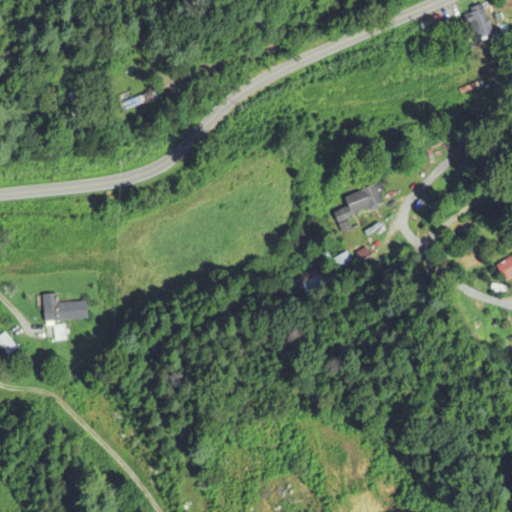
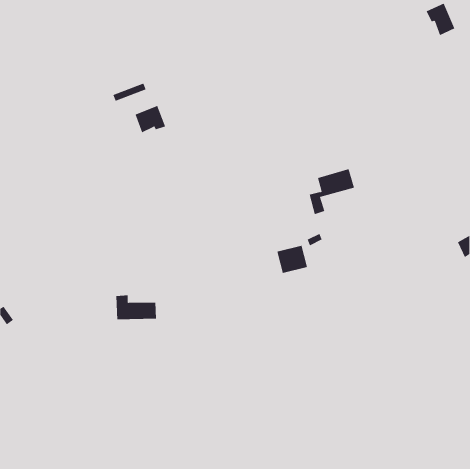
building: none -> [135,105,166,133]
building: [42,293,87,320] -> [116,295,157,320]

